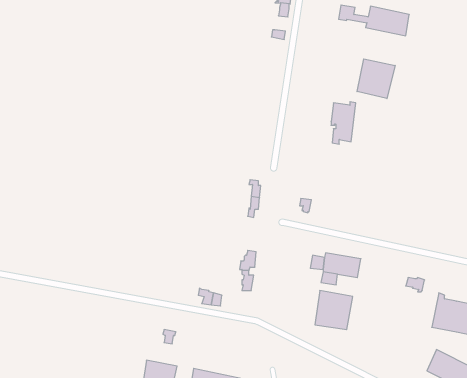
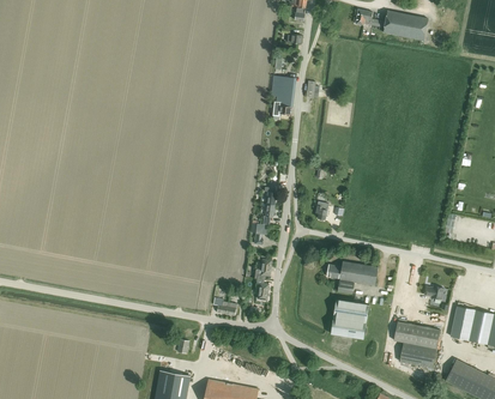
building: [357,59,395,99] -> none
building: [331,102,356,144] -> [272,74,297,117]
building: none -> [394,321,441,368]

